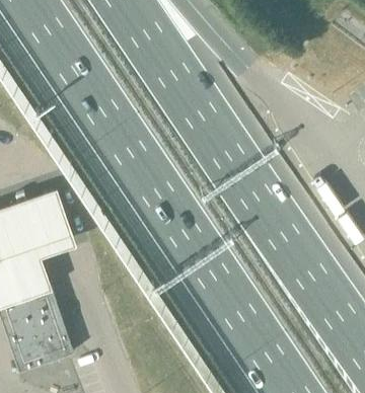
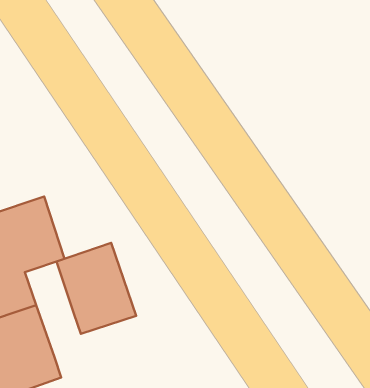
building: none -> [57,243,136,334]

